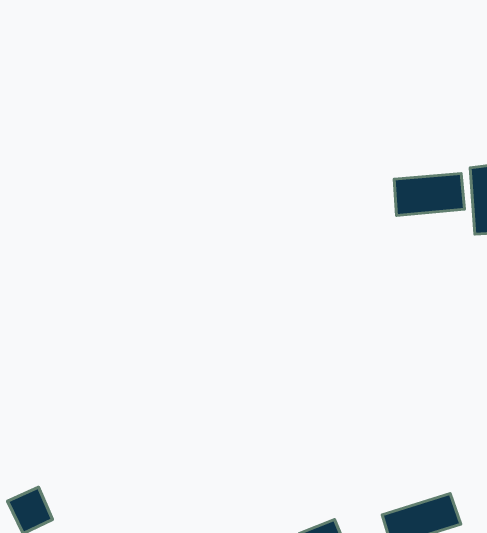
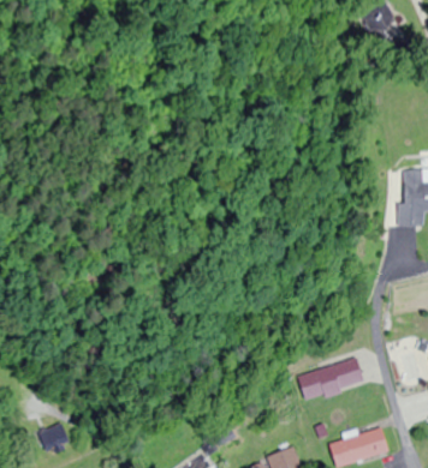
building: [394,174,465,215] -> none
building: none -> [299,359,365,398]

